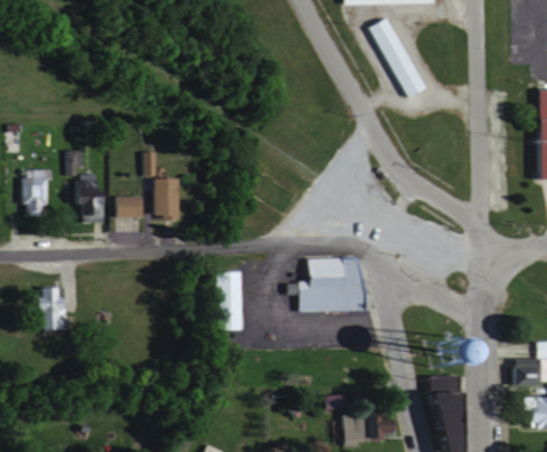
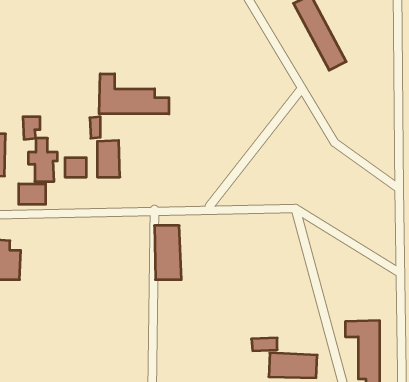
building: none -> [99,74,169,114]
building: none -> [19,184,46,204]
building: [287,258,366,312] -> none

